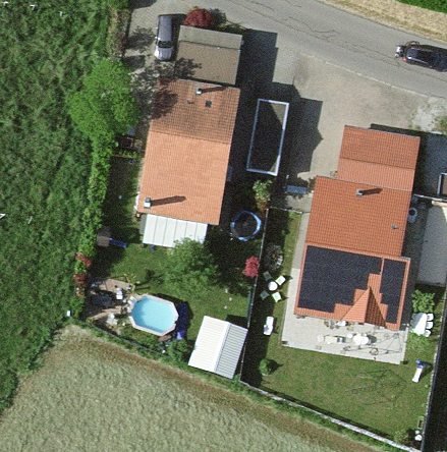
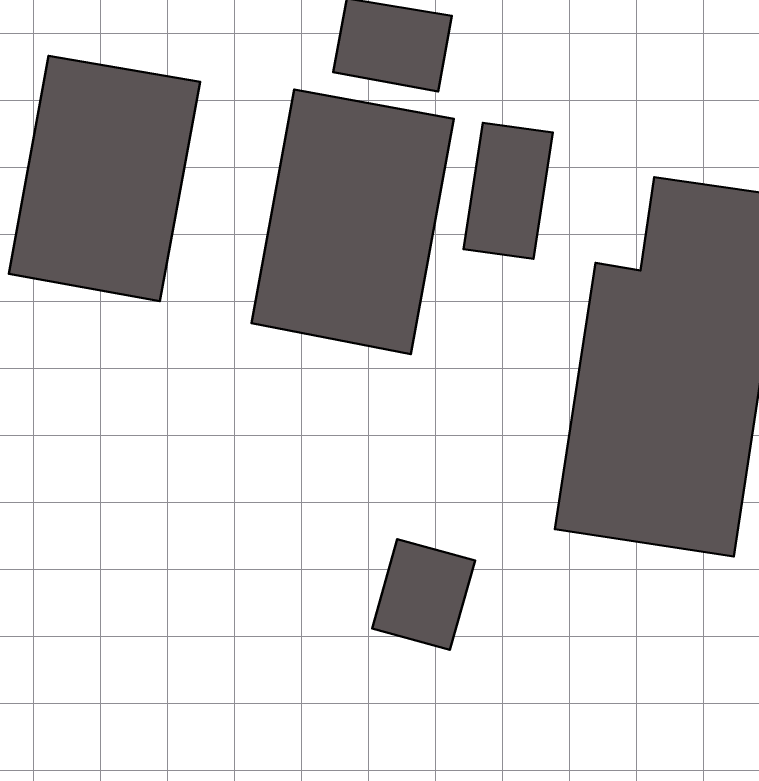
building: none -> [9,56,200,301]

